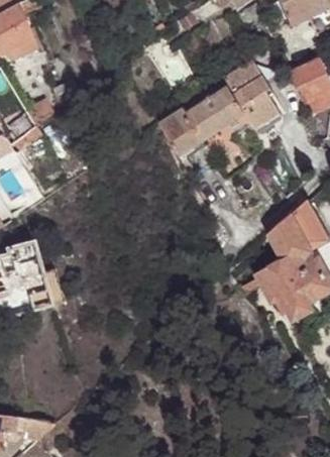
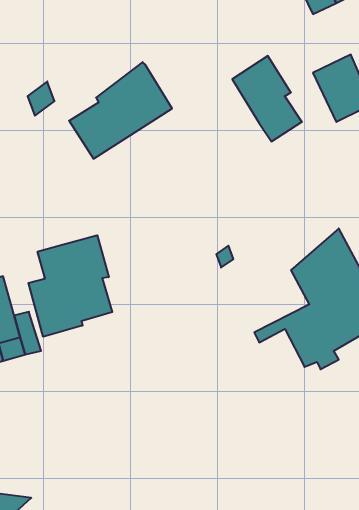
building: [158,76,243,155] -> [69,62,172,159]
building: none -> [28,235,112,337]

